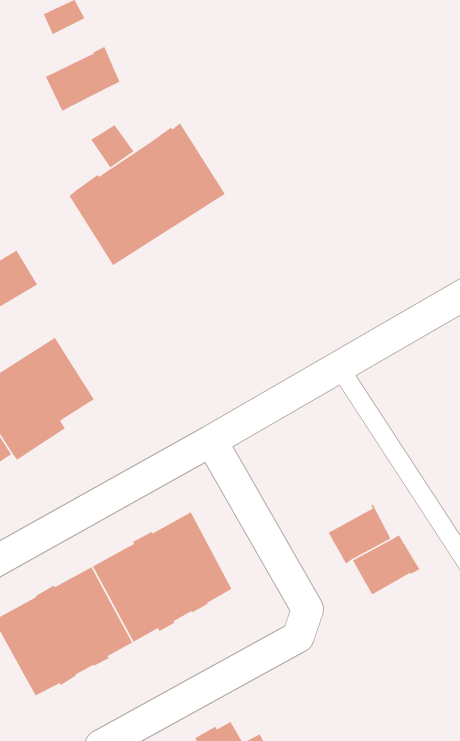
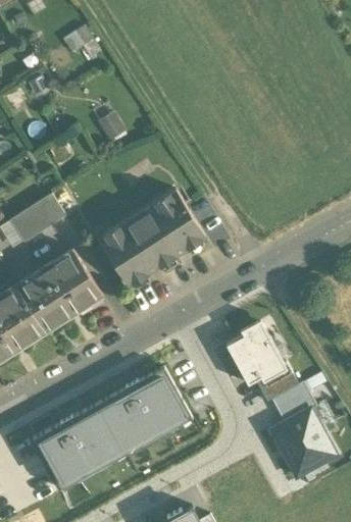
building: [45,46,121,112] -> none
building: [68,122,226,266] -> [99,190,204,285]
building: none -> [225,319,285,384]
building: none -> [270,408,337,476]

